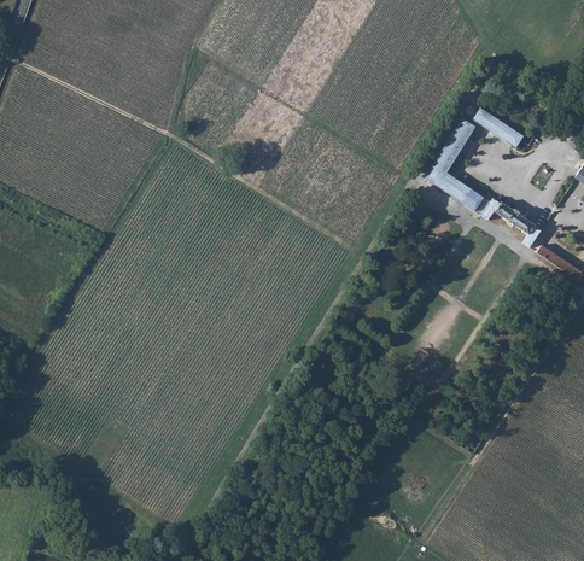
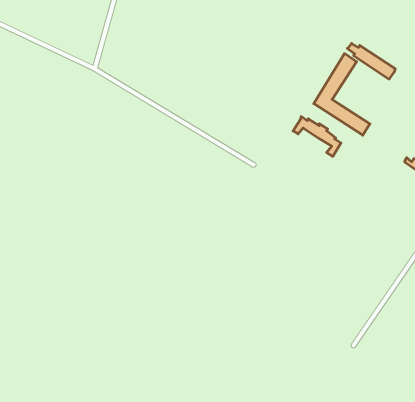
building: [484,198,541,245] -> [293,117,341,156]

